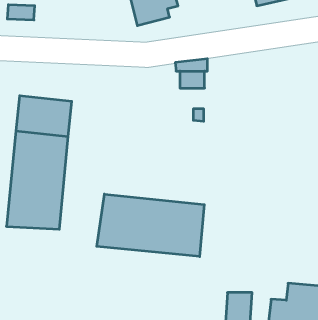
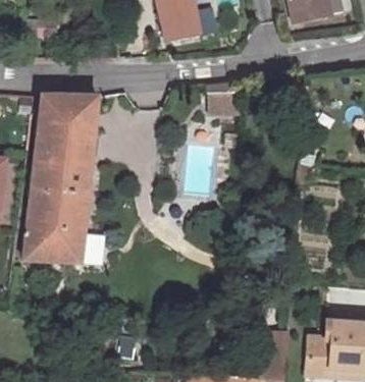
building: none -> [38,97,97,126]
building: [97,194,204,257] -> none

